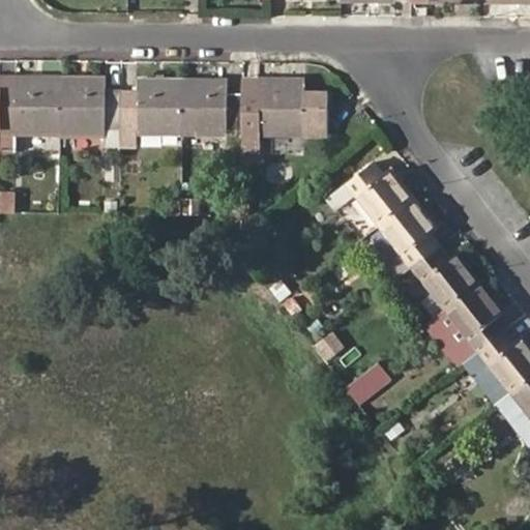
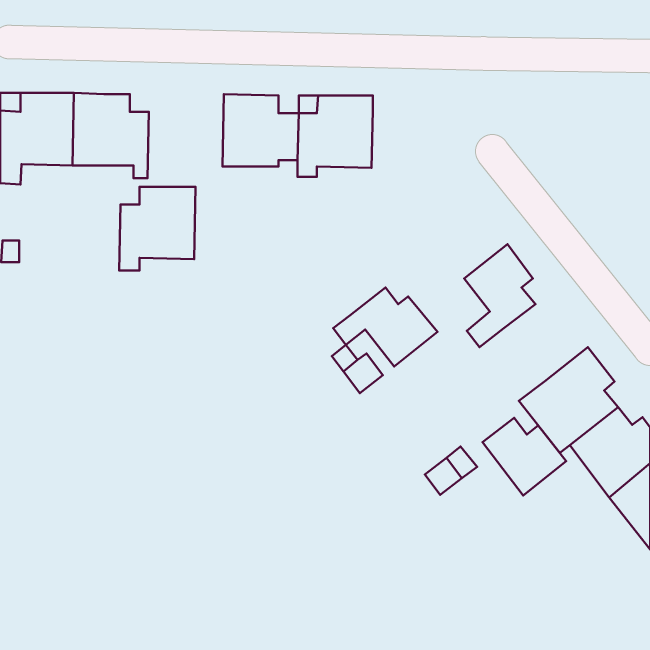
building: [120,77,182,145] -> [119,187,195,271]
building: [302,90,327,137] -> none
building: [328,163,413,227] -> [333,287,438,366]
building: [410,247,478,311] -> [482,418,566,496]

